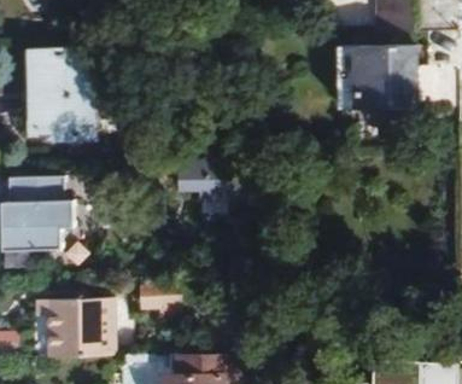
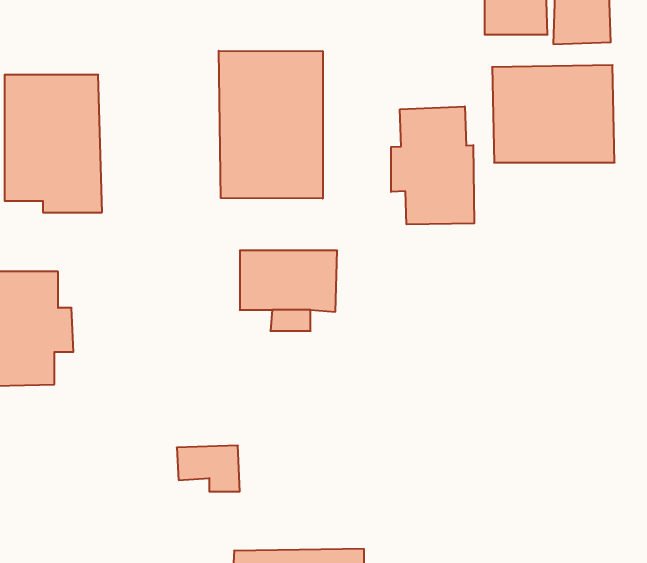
building: none -> [219,51,323,199]
building: none -> [391,106,474,224]
building: [36,298,112,356] -> none

